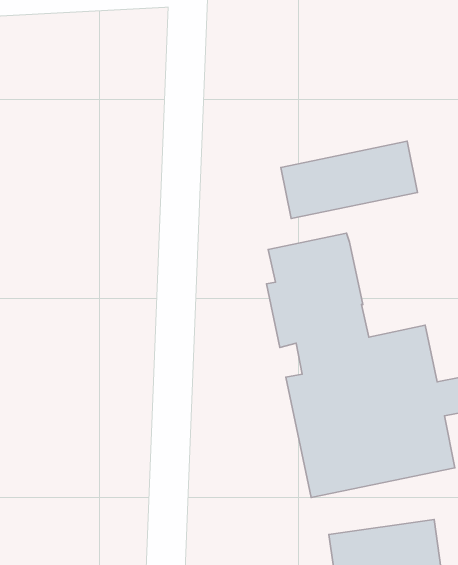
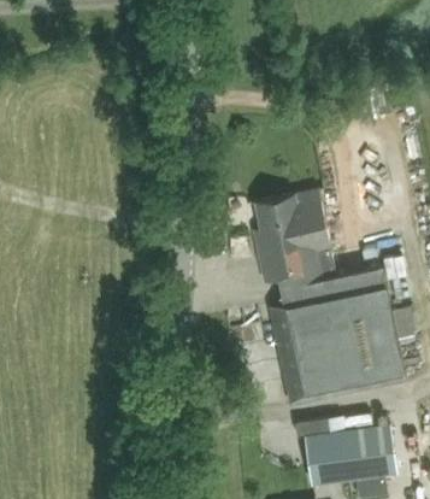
building: [281,141,418,218] -> none

